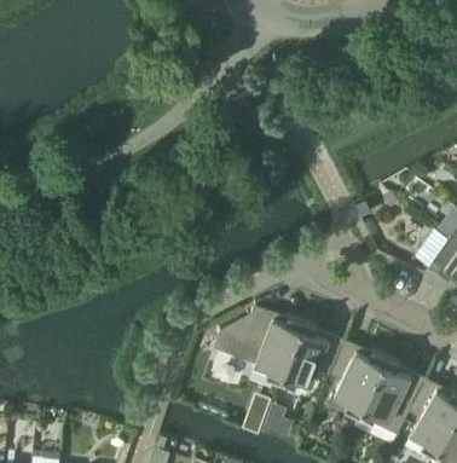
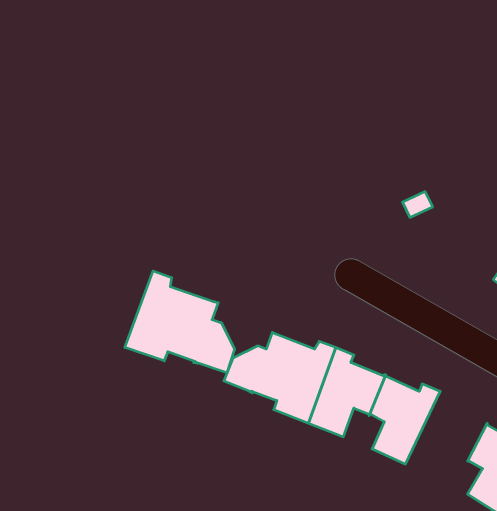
building: none -> [125,271,235,373]
building: [357,355,422,432] -> none

